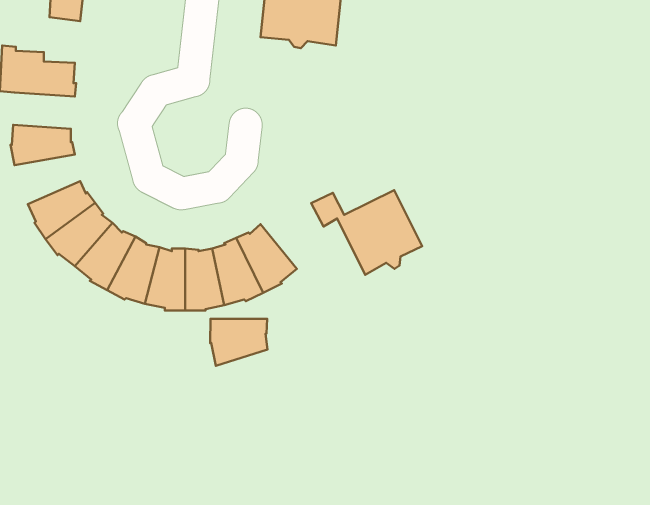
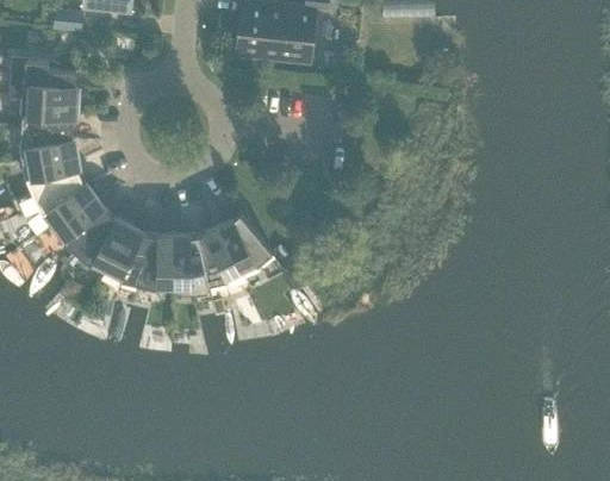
building: none -> [21,98,76,130]
building: none -> [23,152,81,196]
building: [311,190,422,275] -> none
building: [210,319,268,366] -> none

